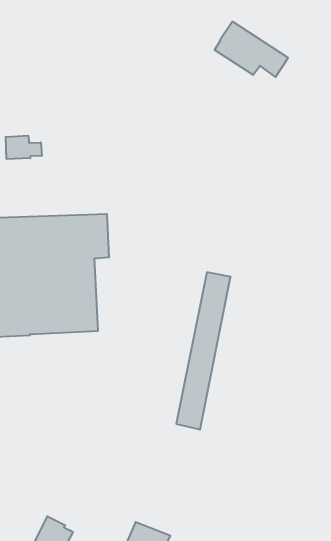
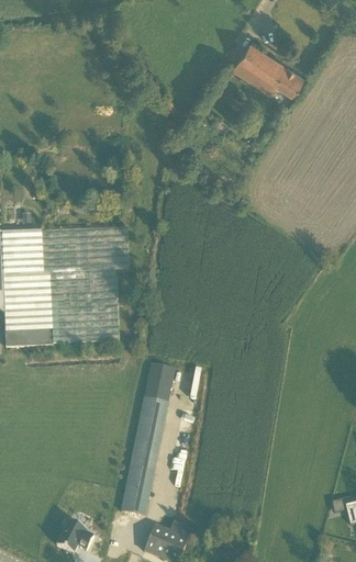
building: [6,136,42,159] -> none
building: [176,272,231,430] -> [122,362,175,515]

